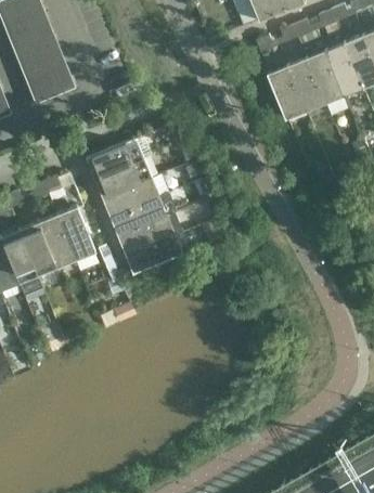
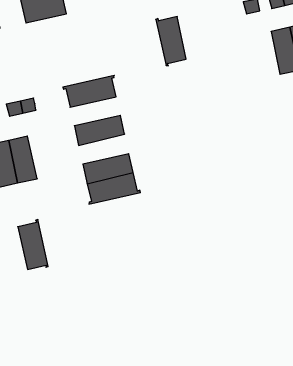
building: [267,67,305,119] -> [156,17,186,66]
building: [94,160,147,197] -> none
building: [109,197,163,235] -> none
building: [55,205,93,258] -> [18,220,48,269]

